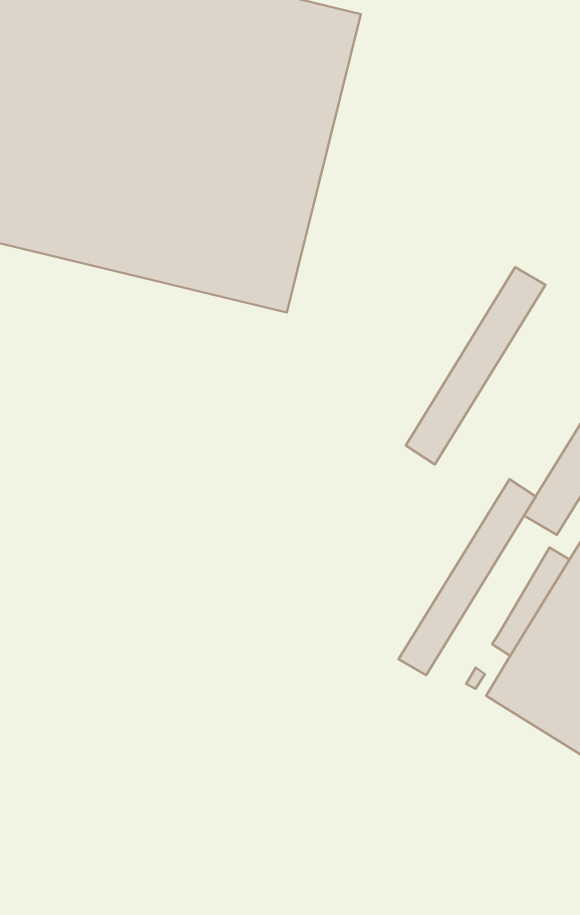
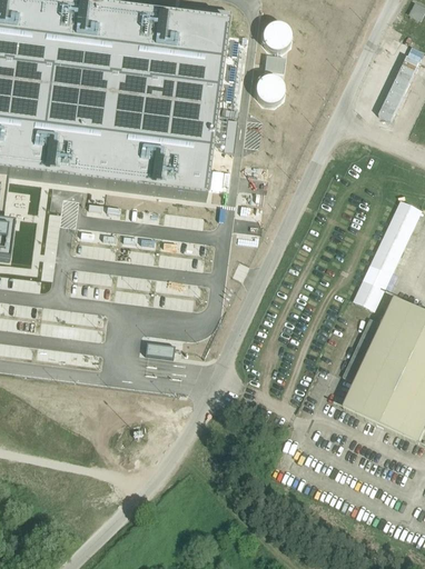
building: [406,267,546,464] -> none
building: [399,479,536,675] -> none

